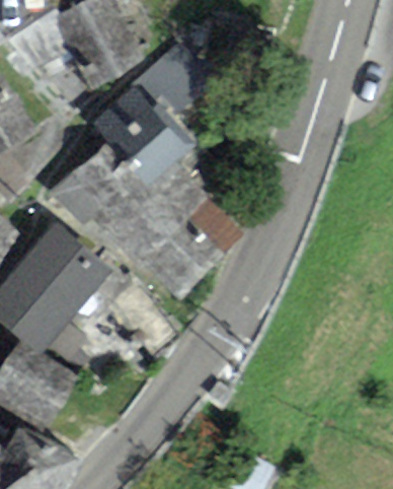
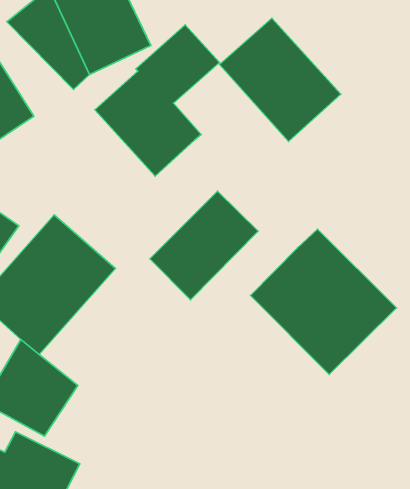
building: none -> [220,18,341,142]
building: [46,122,222,269] -> none
building: none -> [250,229,396,374]

